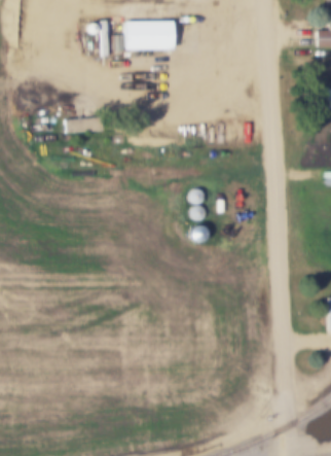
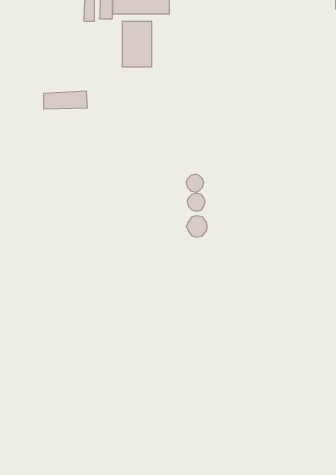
building: none -> [122,21,151,67]

